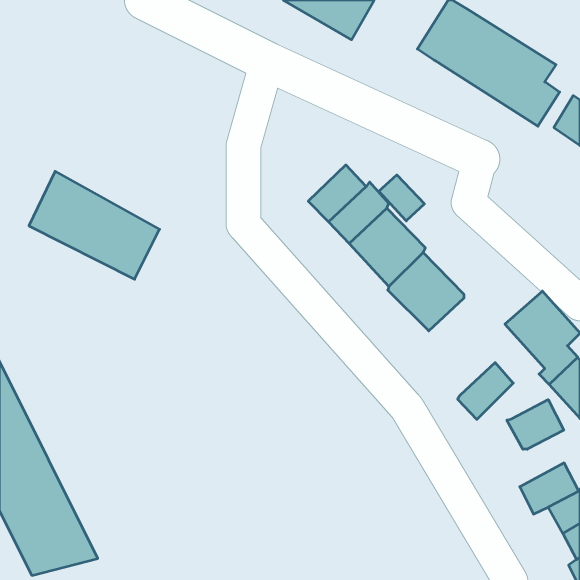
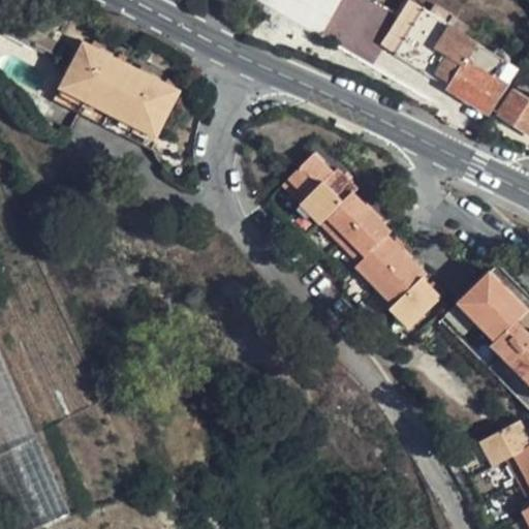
building: [29,171,160,279] -> [61,41,180,139]
building: [379,175,424,221] -> none
building: [458,363,513,419] -> [387,272,438,323]
building: [507,400,564,449] -> none

